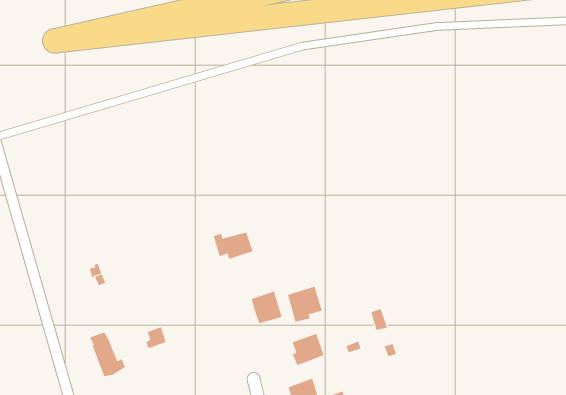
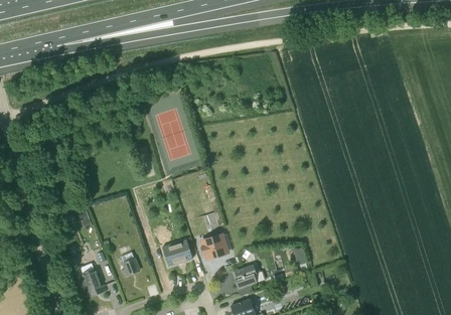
building: [213,232,253,259] -> [162,244,193,265]
building: [287,286,322,323] -> none

